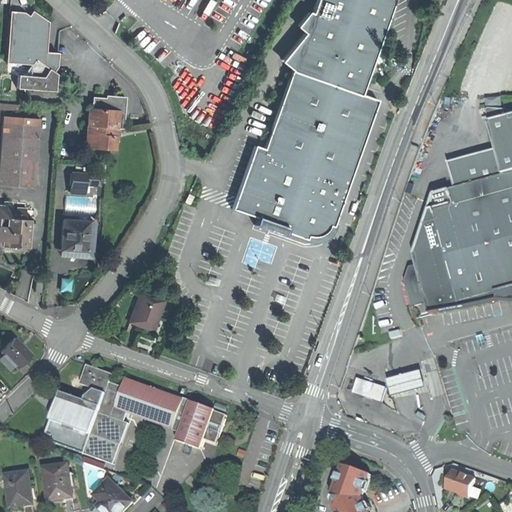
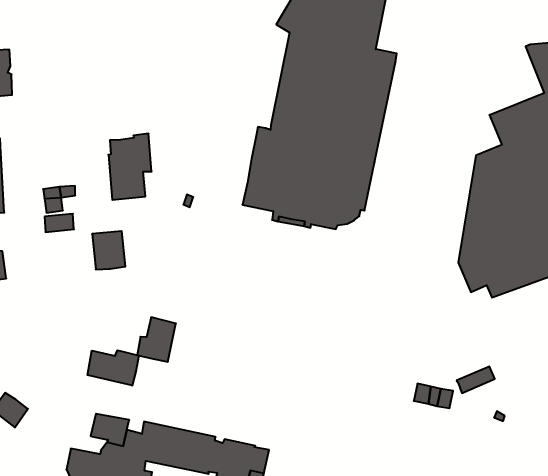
building: [86,95,124,147] -> [108,134,152,200]
building: [61,219,87,250] -> [92,231,125,269]
building: none -> [87,350,139,386]

